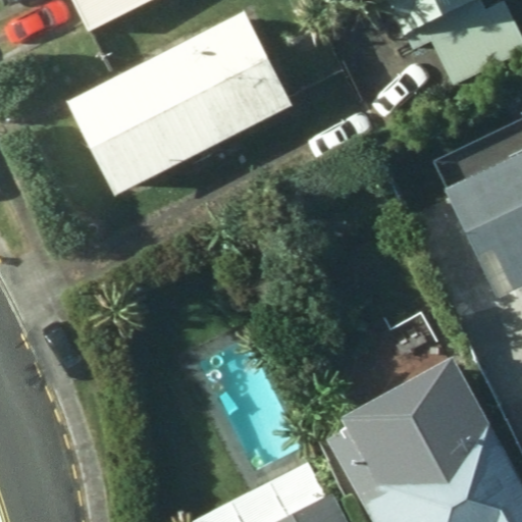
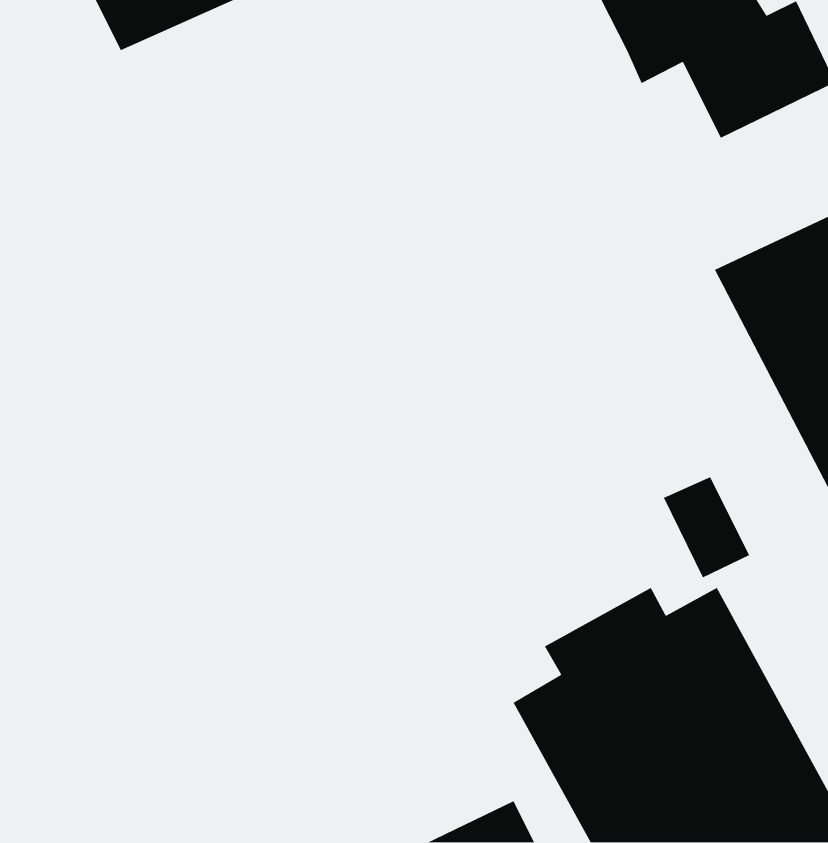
building: [66,12,290,196] -> none

